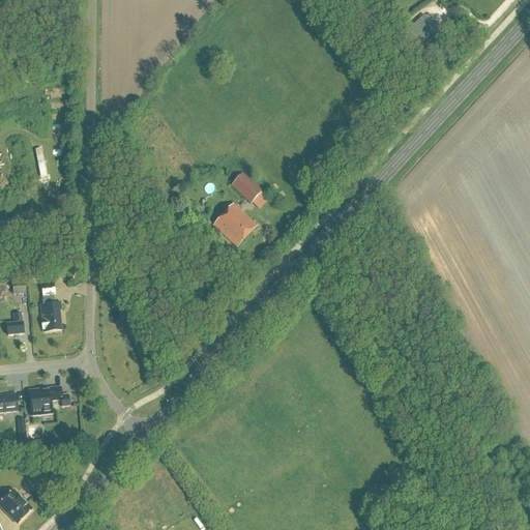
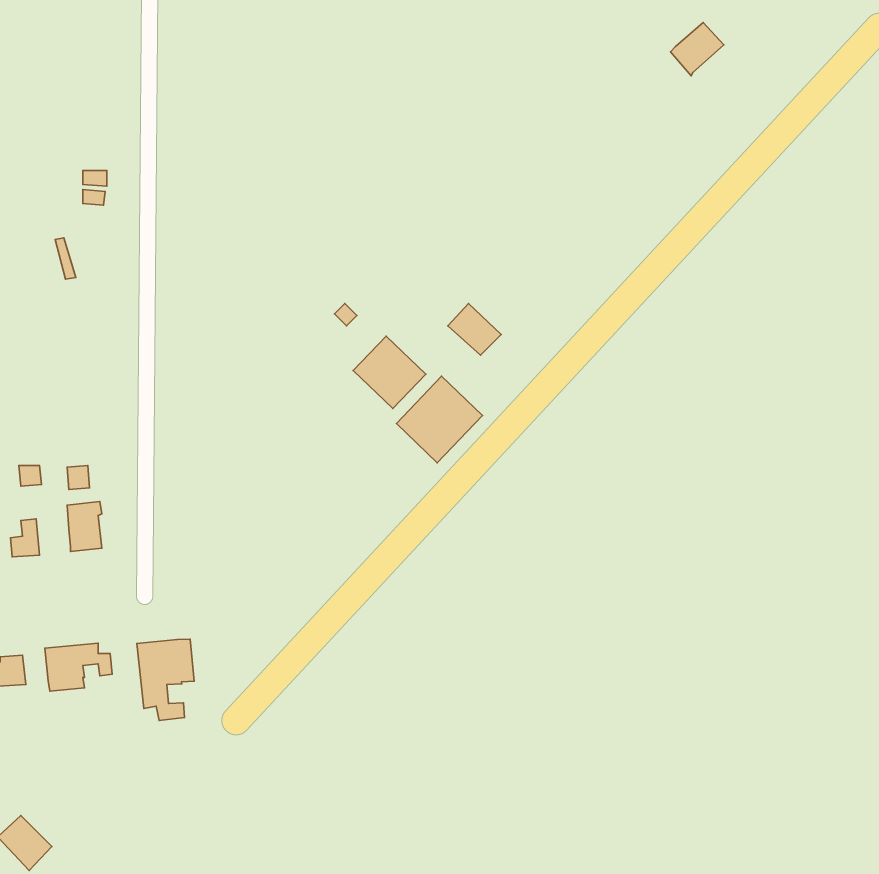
building: [229,170,261,201] -> [448,304,501,355]
building: none -> [396,376,482,463]
building: none -> [137,639,194,721]

